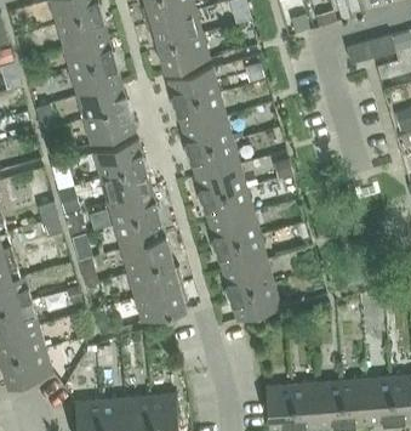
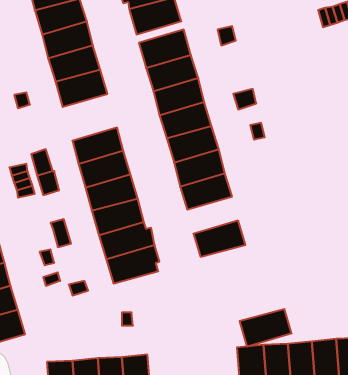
building: [92,140,144,178] -> none
building: [215,234,266,272] -> none
building: [228,283,280,321] -> [240,309,292,346]

